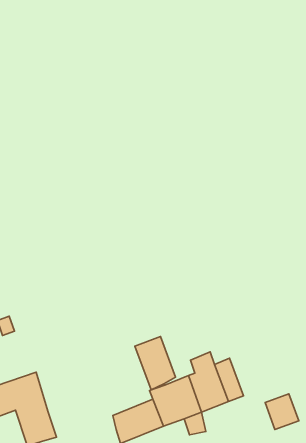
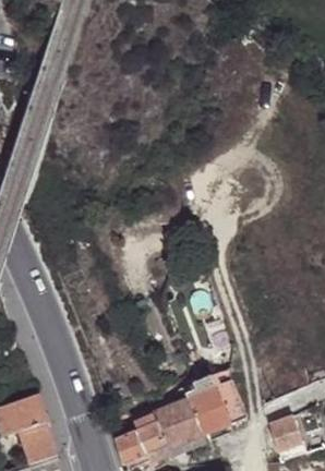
building: [135,337,176,390] -> none

